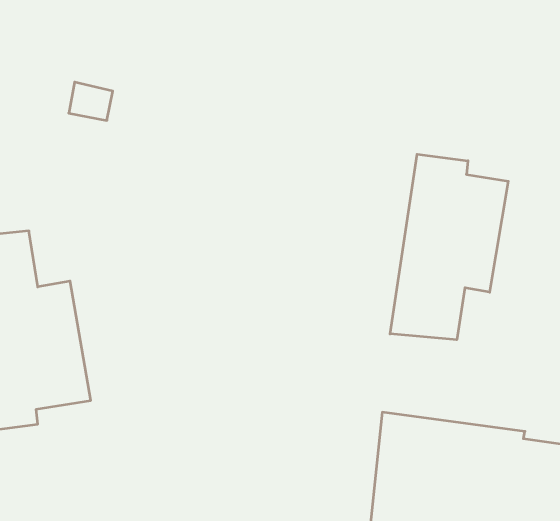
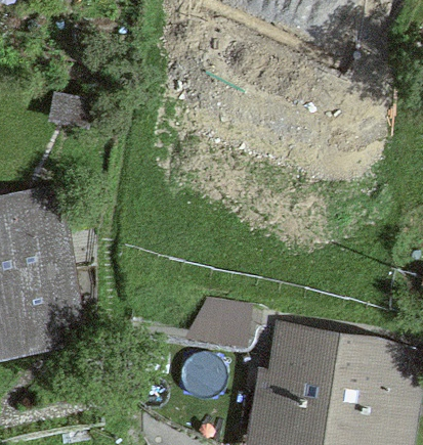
building: [390,154,508,340] -> none

